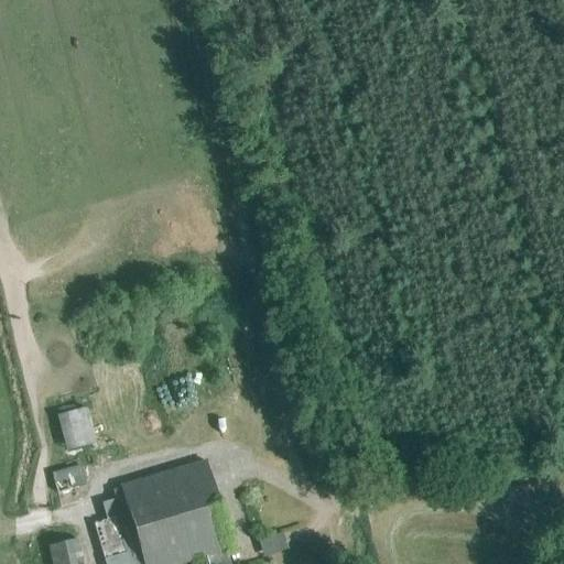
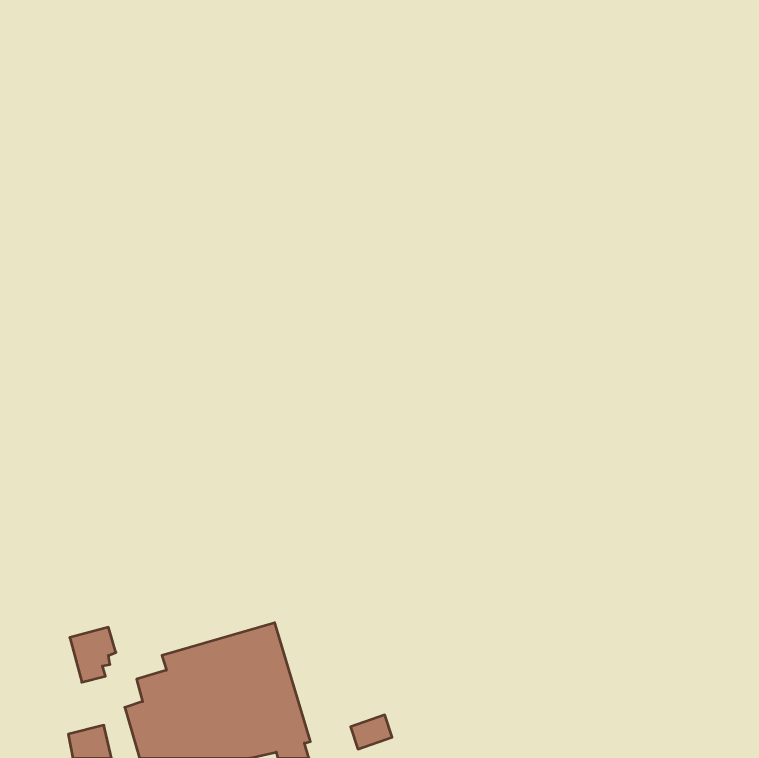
building: [57,409,96,451] -> none

